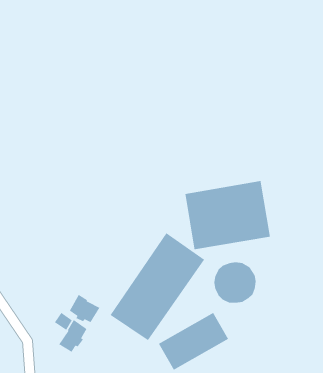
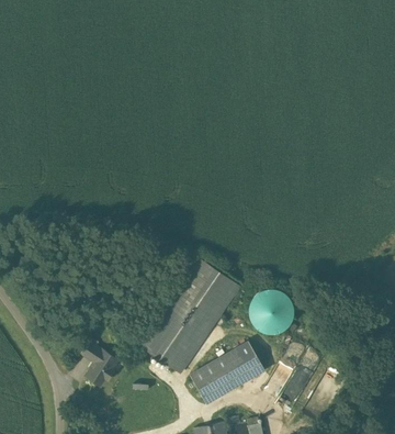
building: [185,180,271,250] -> none
building: [69,294,100,323] -> none

